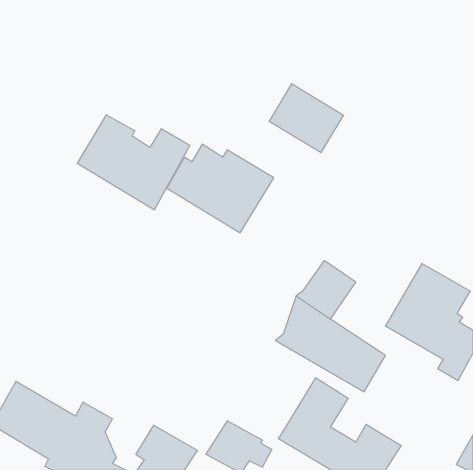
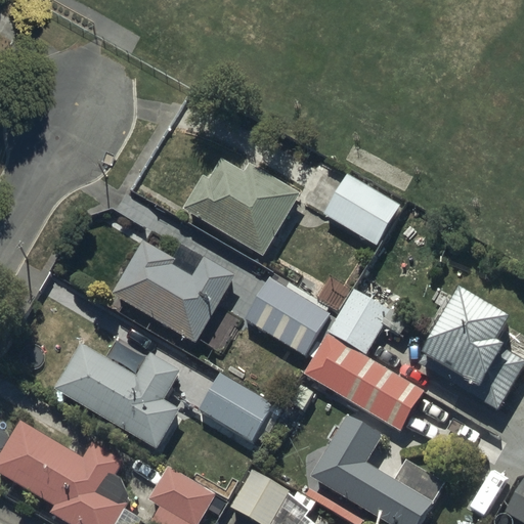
building: [269,84,344,153] -> [319,172,401,248]
building: [77,115,190,210] -> [114,236,237,341]
building: none -> [241,275,333,367]
building: none -> [53,341,183,450]
building: none -> [203,376,278,443]

